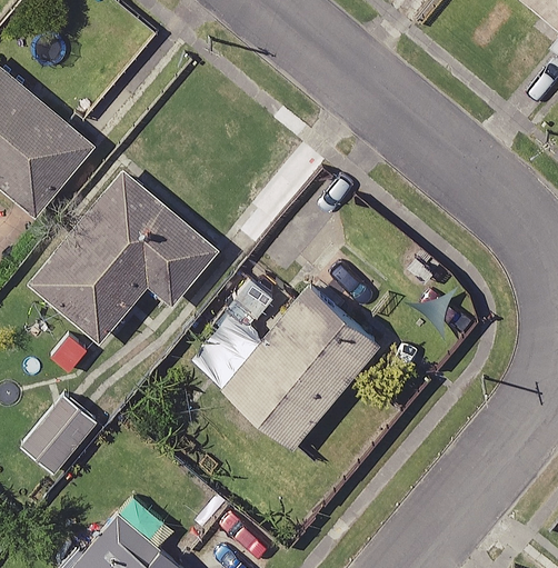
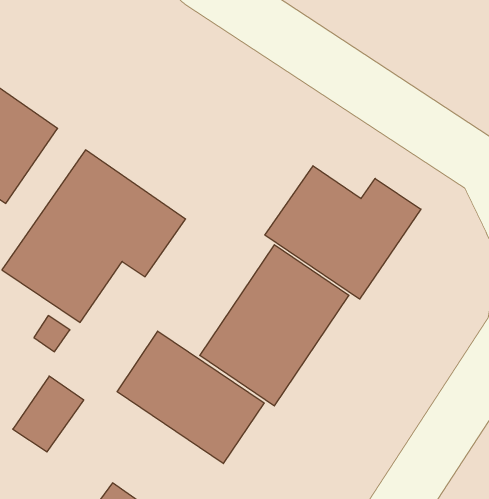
building: none -> [265,166,421,299]
building: none -> [117,331,264,464]

